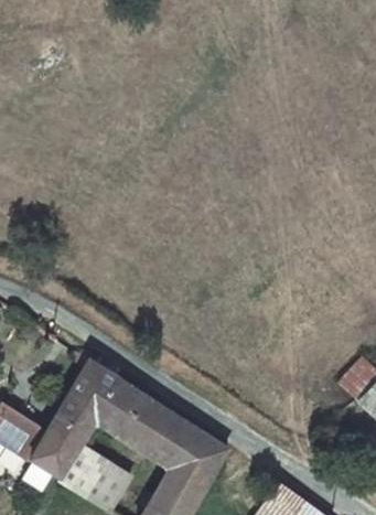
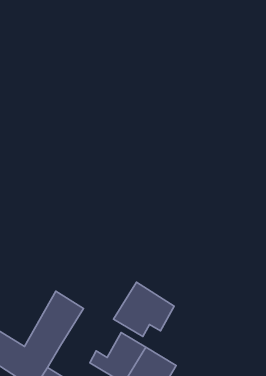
building: [90,383,163,448] -> [114,282,174,337]

